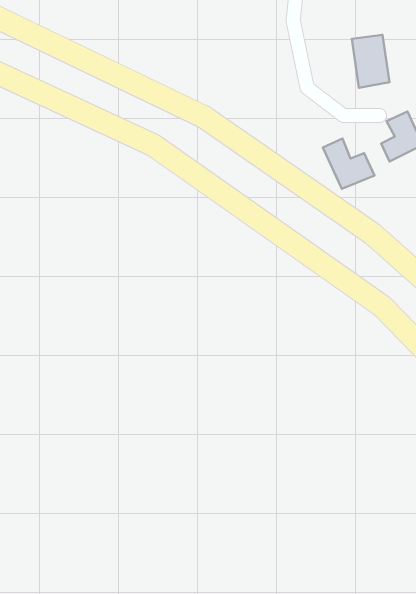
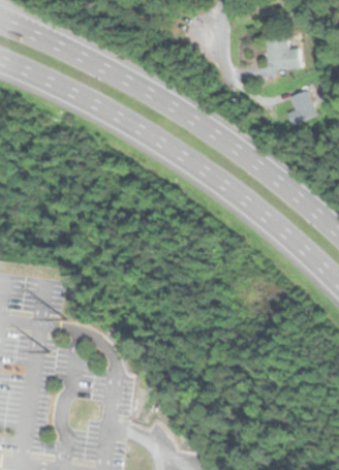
building: [323,139,375,189] -> none

